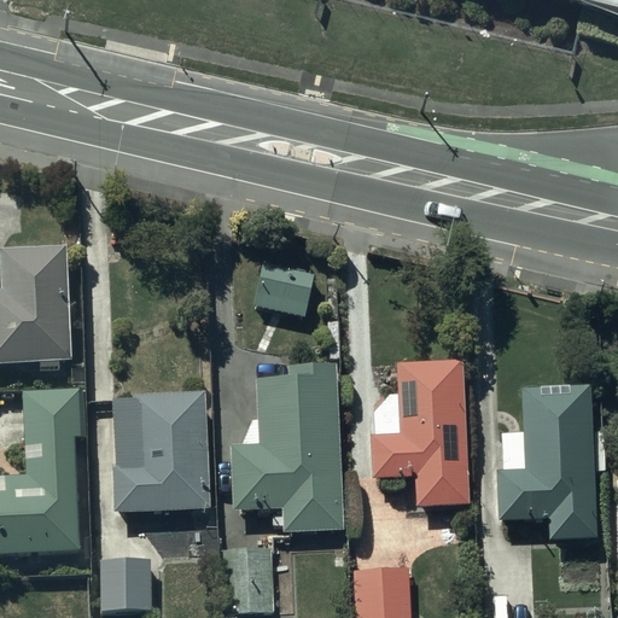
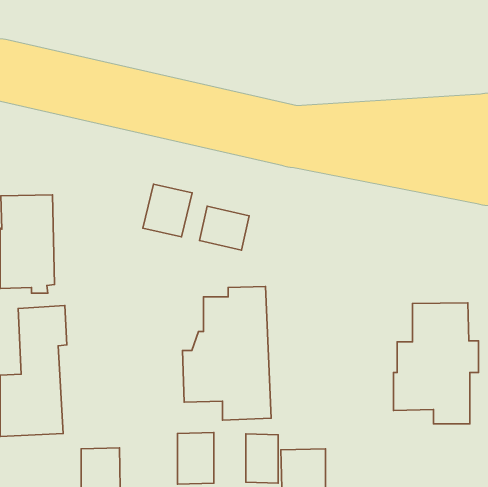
building: none -> [143,184,192,237]
building: [369,360,470,507] -> none
building: [112,390,210,513] -> none
building: none -> [246,434,278,483]

